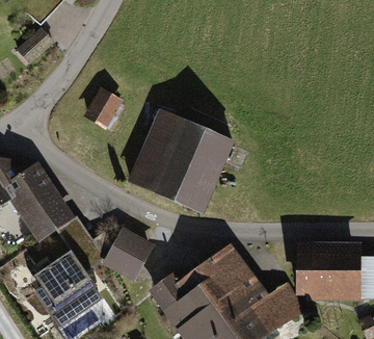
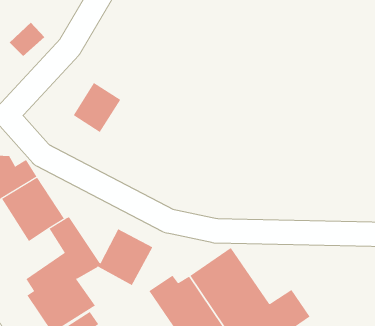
building: [129,109,231,210] -> none
building: [296,246,359,295] -> none

